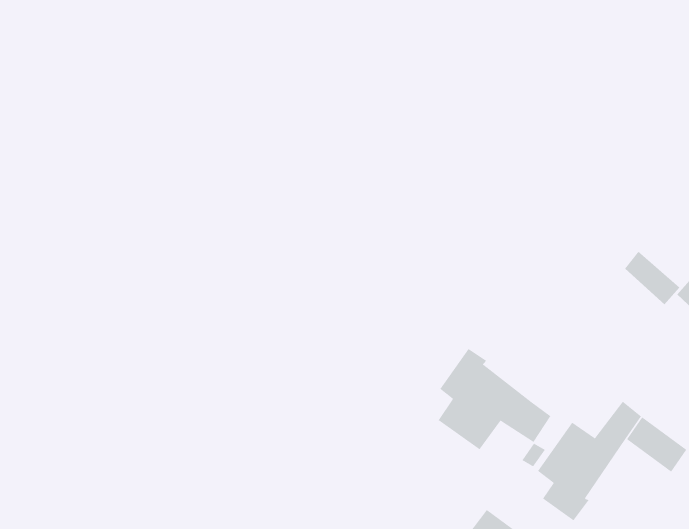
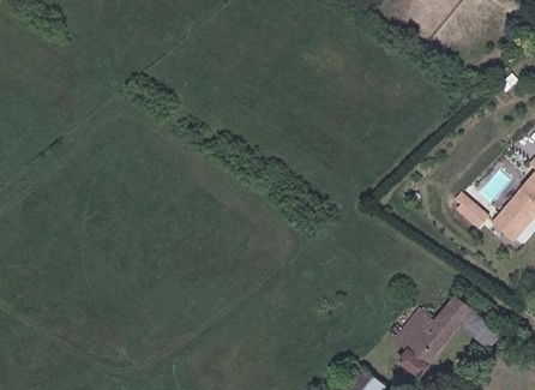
building: [438,348,551,450] -> none

